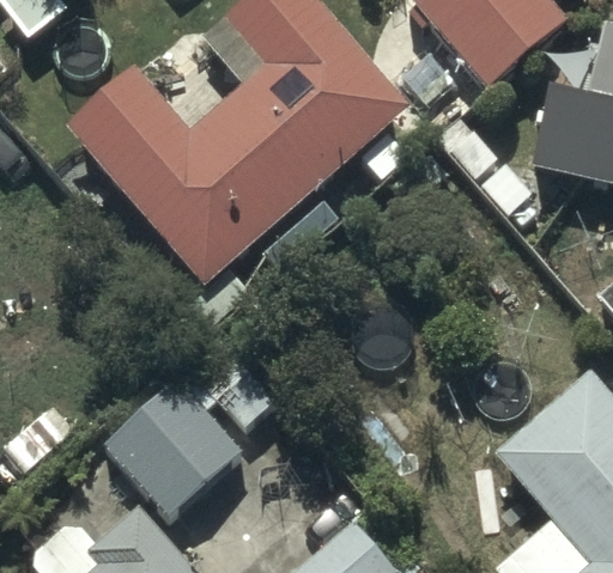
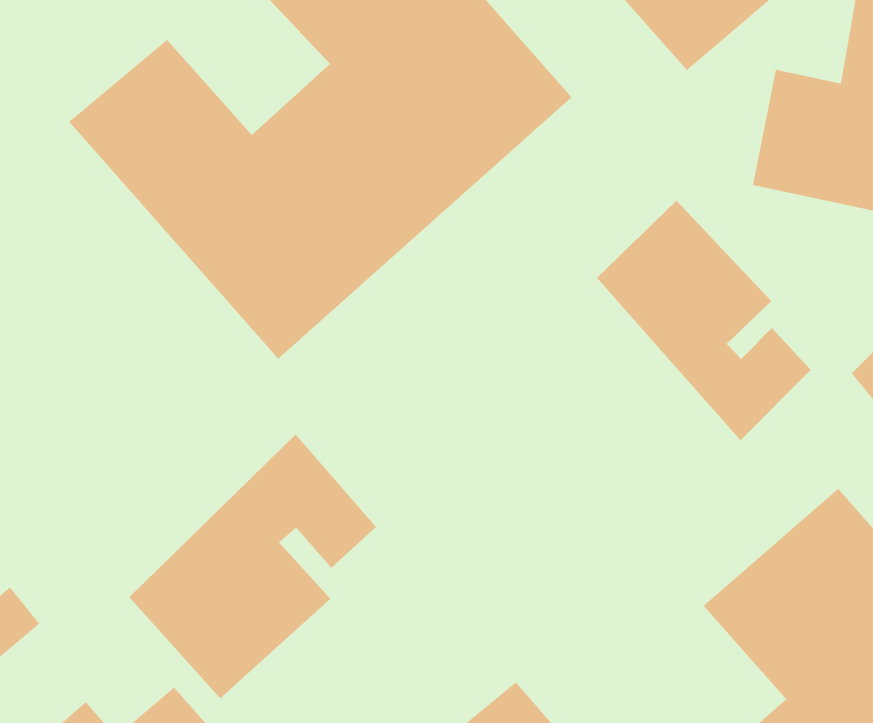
building: none -> [596,200,811,441]

